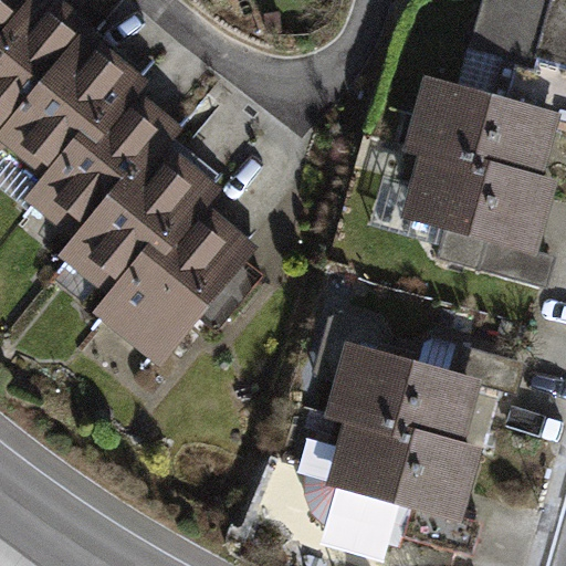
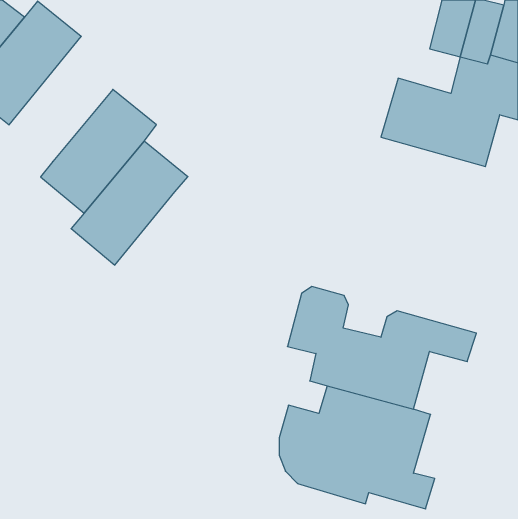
building: [10,40,137,176] -> none
building: [412,154,548,287] -> none
building: [112,209,261,346] -> none

